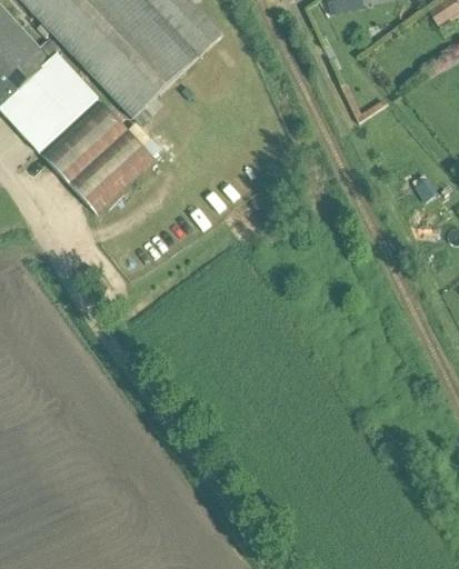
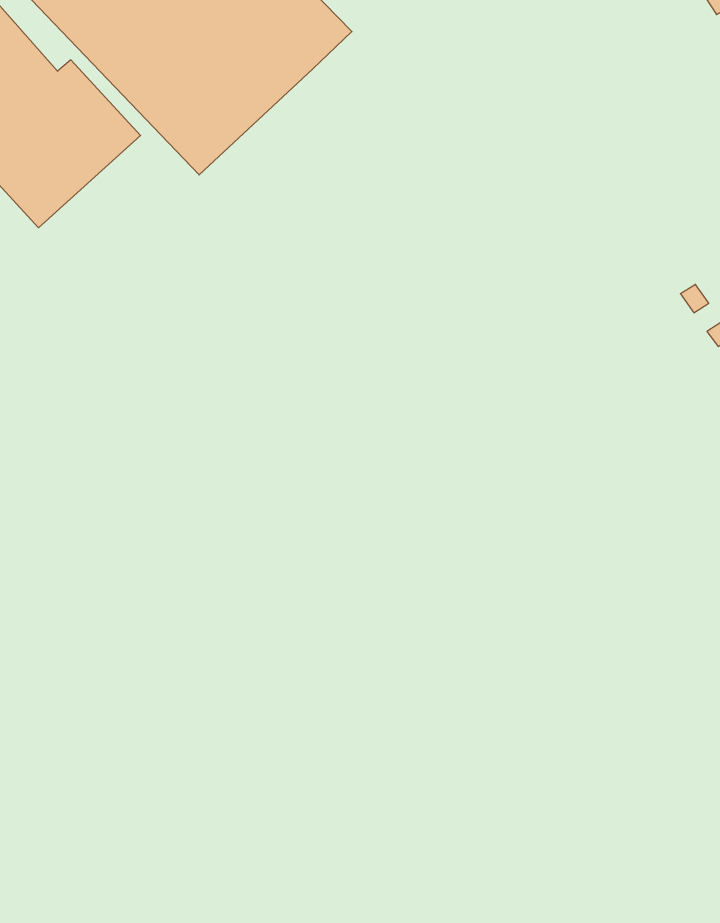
building: [42,100,153,212] -> none

